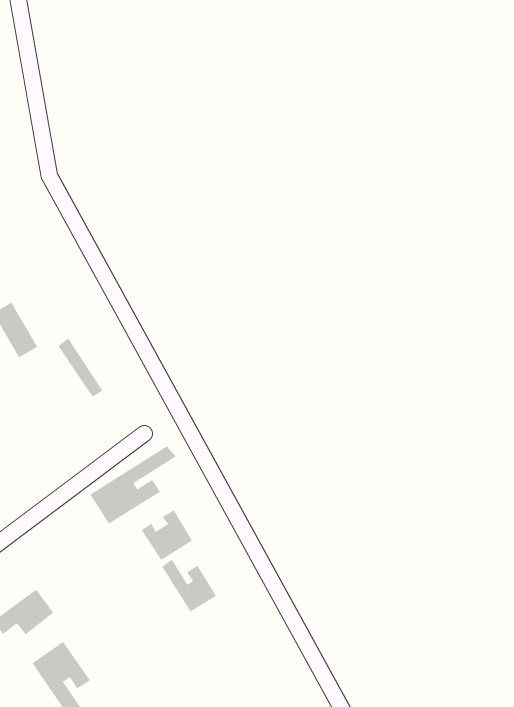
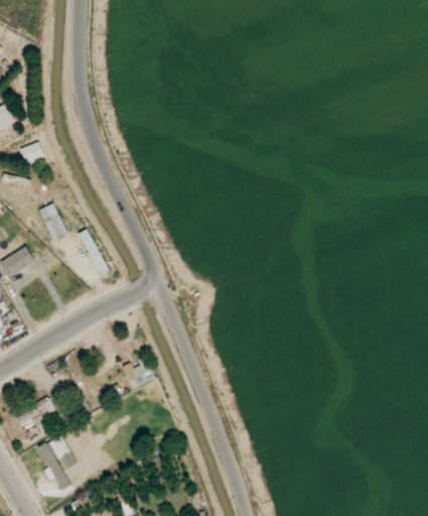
building: [90,445,176,524] -> none
building: [162,559,217,613] -> none

